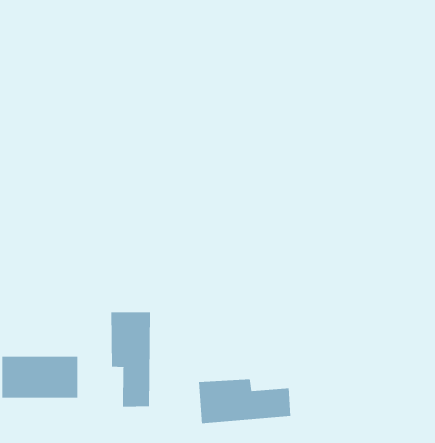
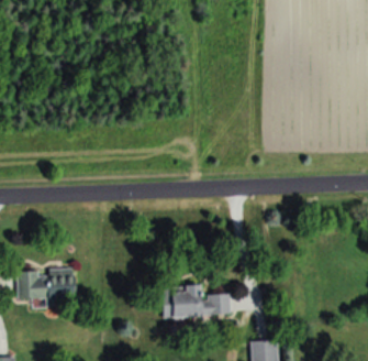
building: [111,312,151,407] -> none

